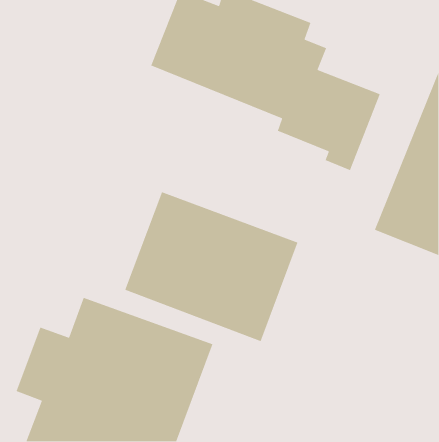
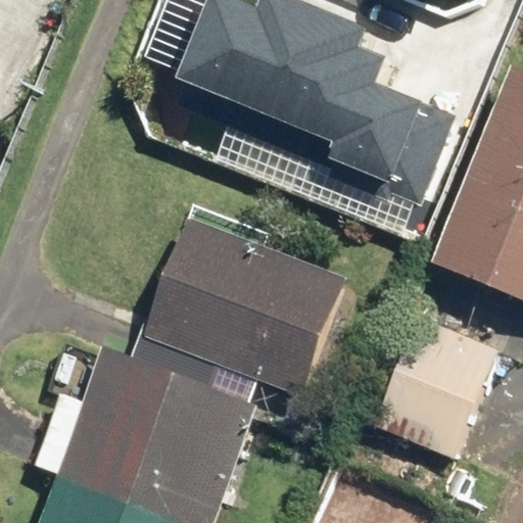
building: none -> [374,318,507,472]

